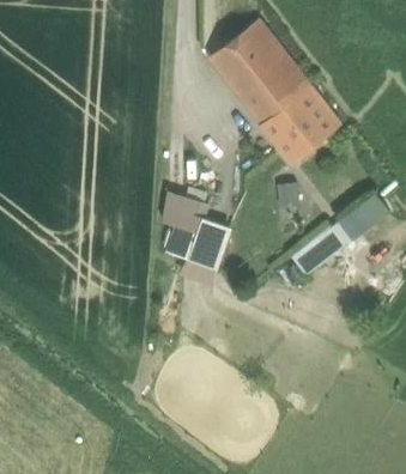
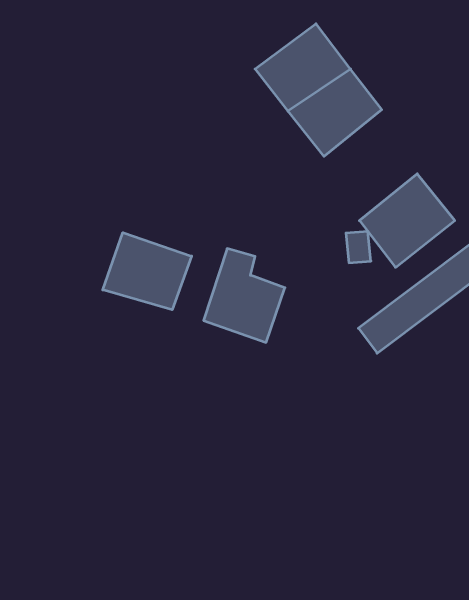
building: [262,90,335,162] -> [359,174,455,267]
building: none -> [103,233,192,310]

